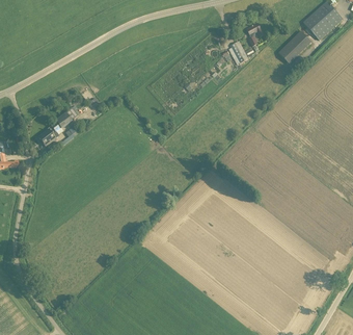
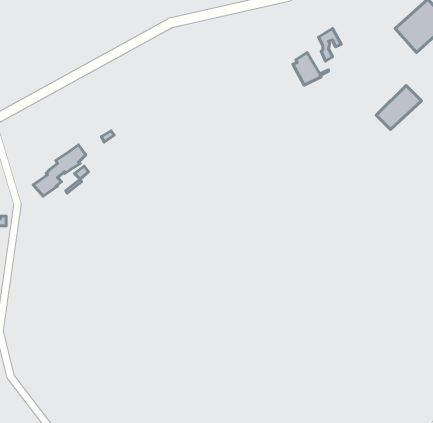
building: [277,31,310,63] -> [376,85,422,129]

